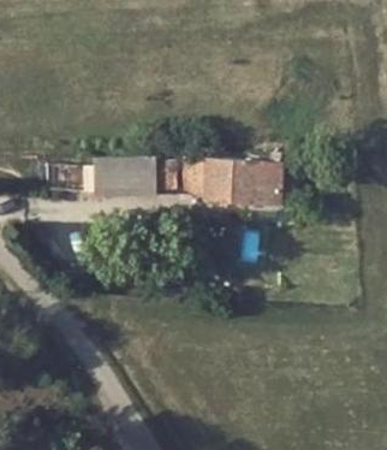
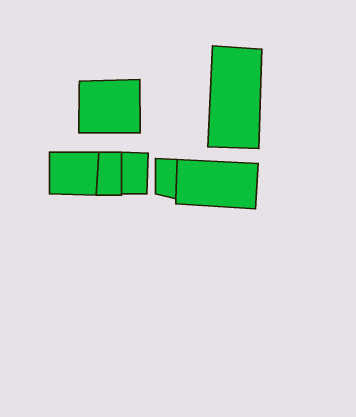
building: none -> [208,46,262,149]
building: none -> [79,80,140,133]

